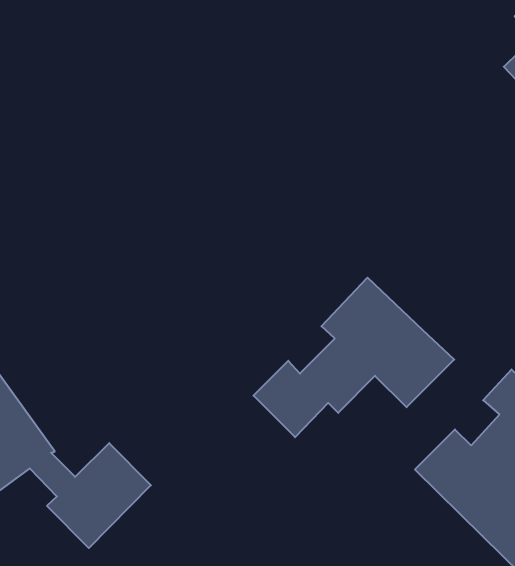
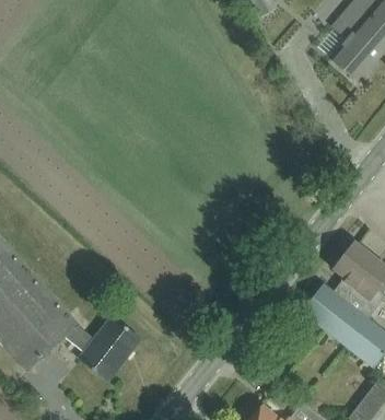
building: [253,278,454,437] -> none

